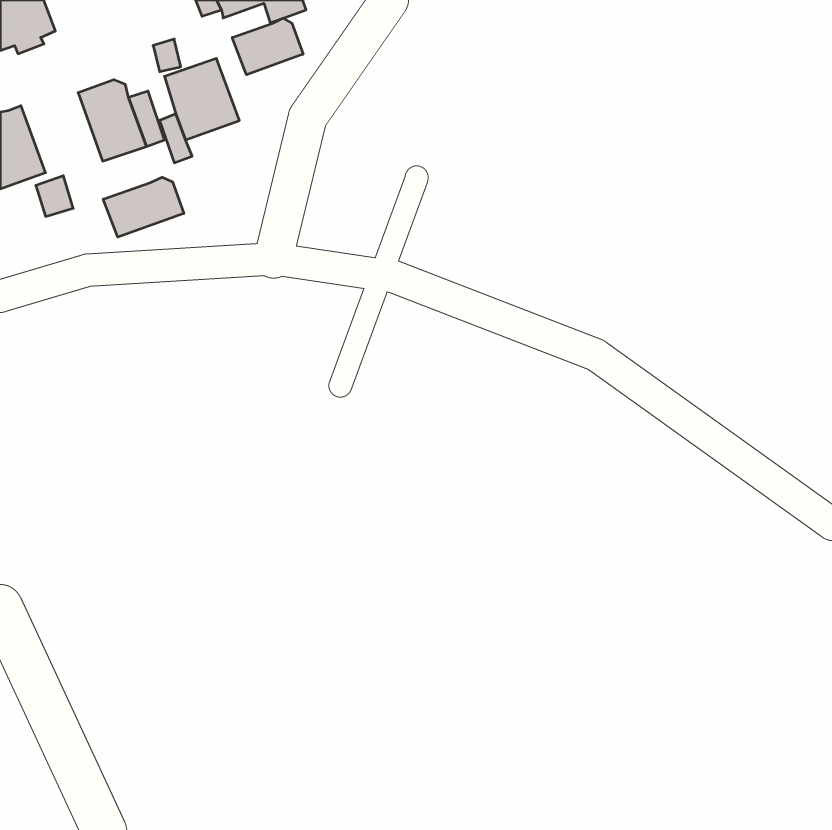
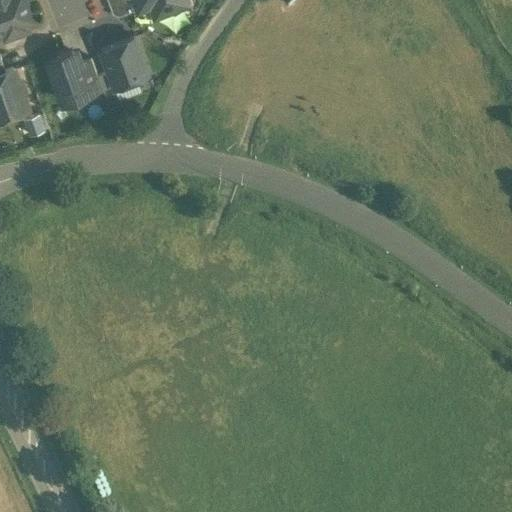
building: [232,18,303,75] -> none
building: [103,177,184,237] -> none

